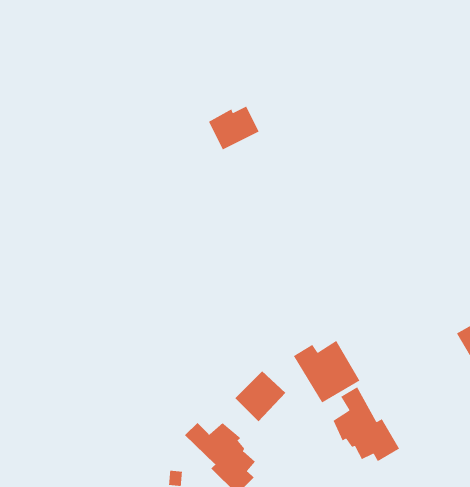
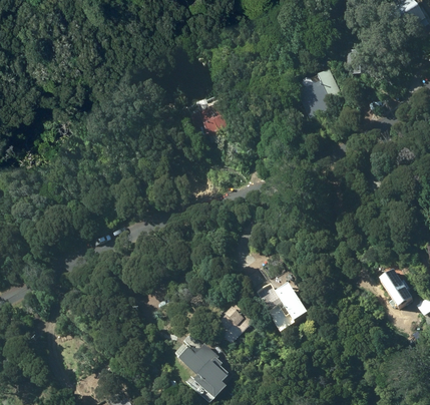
building: none -> [300,70,338,111]
building: [332,386,400,462] -> none

